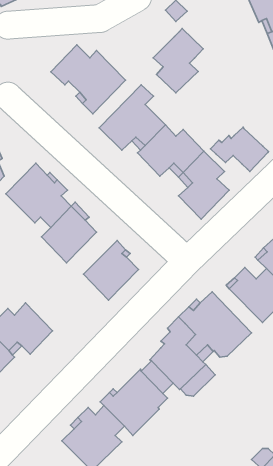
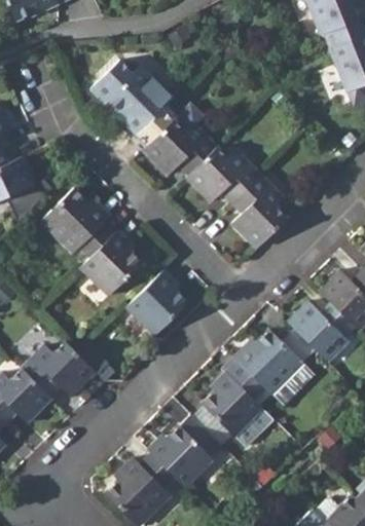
building: [153,29,203,93] -> none
building: [211,127,268,172] -> none

